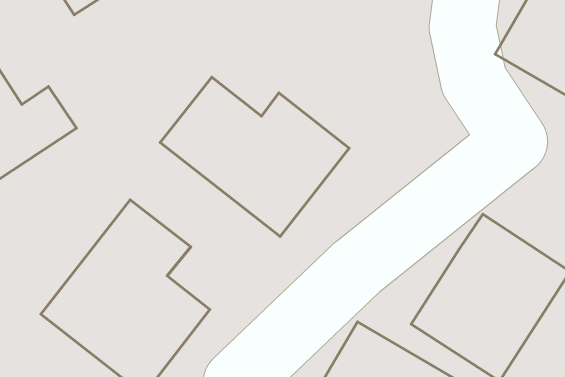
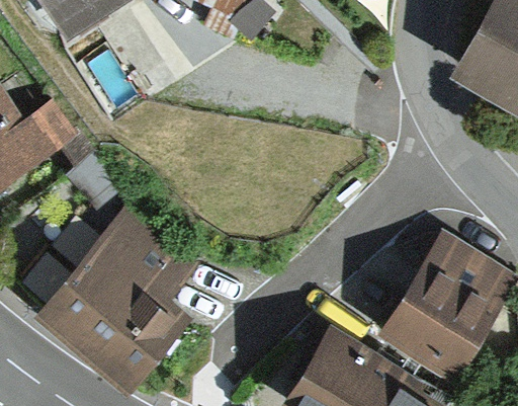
building: [160,77,349,237] -> none

